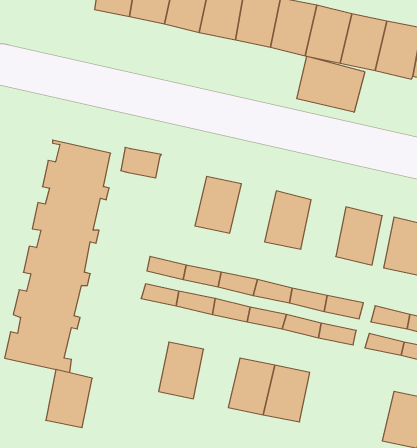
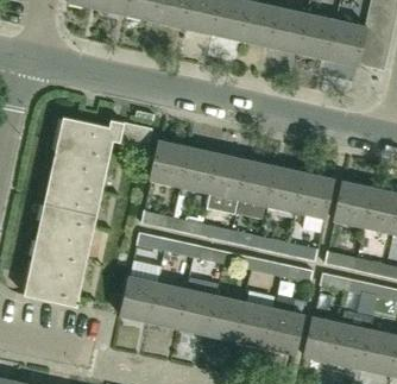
building: [297,56,365,112] -> none
building: none -> [150,139,189,187]
building: none -> [208,152,246,200]
building: none -> [266,165,303,212]
building: none -> [178,288,216,335]
building: [46,369,92,428] -> [120,275,158,322]
building: none -> [265,307,303,354]
building: none -> [303,315,342,363]

